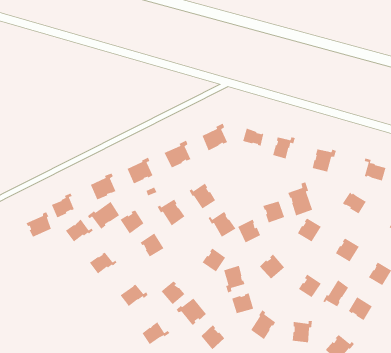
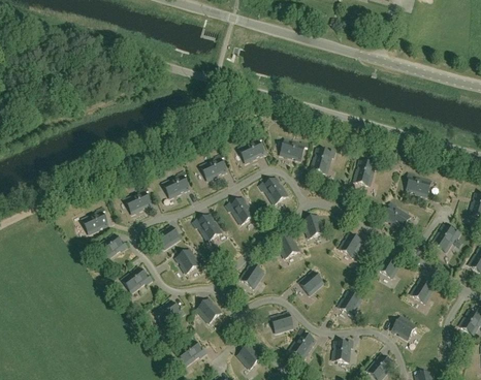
building: [287,181,313,217] -> none
building: [87,201,120,230] -> none
building: [207,211,236,238] -> [259,178,289,205]
building: [25,211,52,238] -> none
building: [223,265,245,293] -> none
building: [322,279,349,308] -> none
building: [176,298,207,326] -> none

